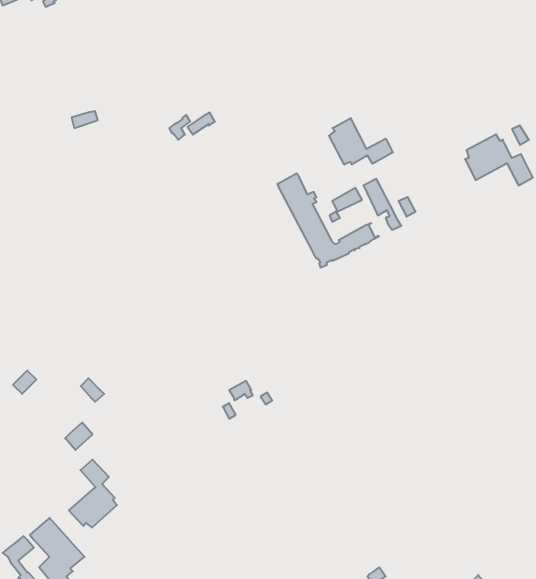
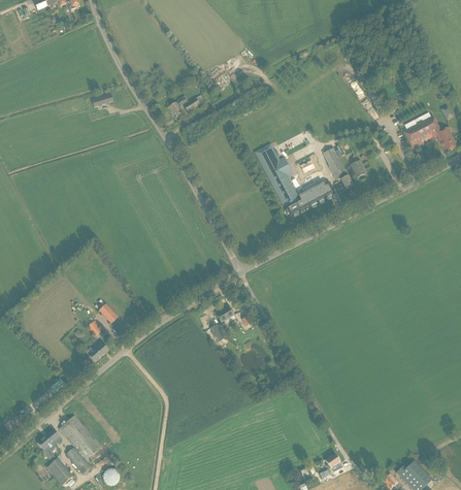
building: [329,118,393,165] -> none
building: [69,459,117,528] -> none

